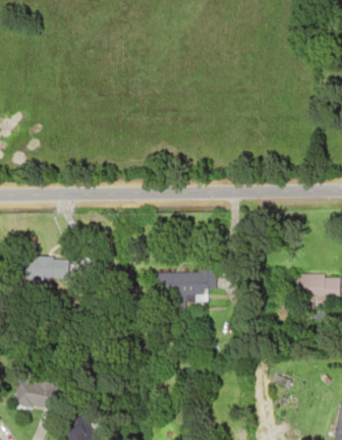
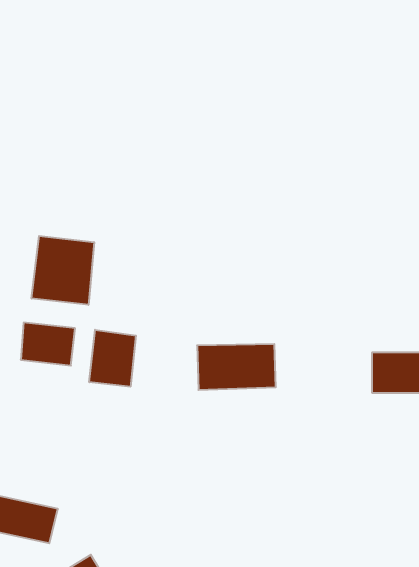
building: none -> [32,236,94,305]
building: none -> [89,330,136,387]

